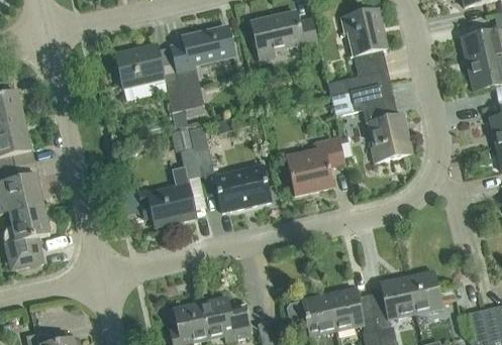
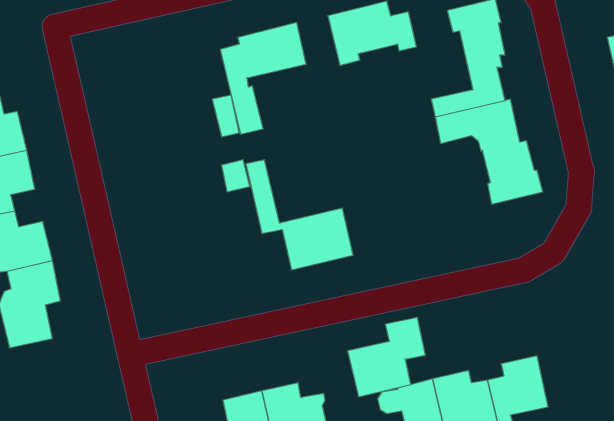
building: [115,42,165,87] -> none
building: [287,135,345,195] -> [348,317,426,397]
building: [136,150,198,227] -> none
building: [408,269,443,314] -> none

